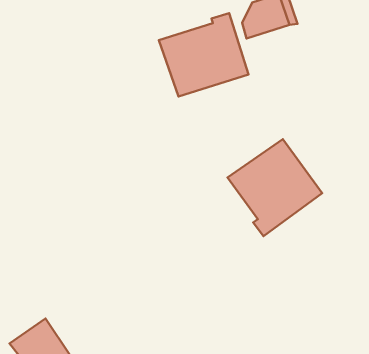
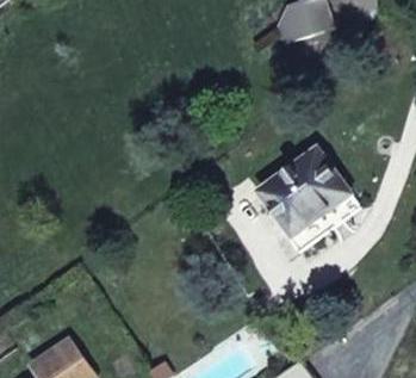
building: [159,13,248,97] -> none

